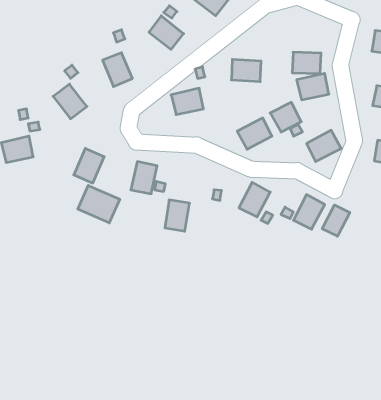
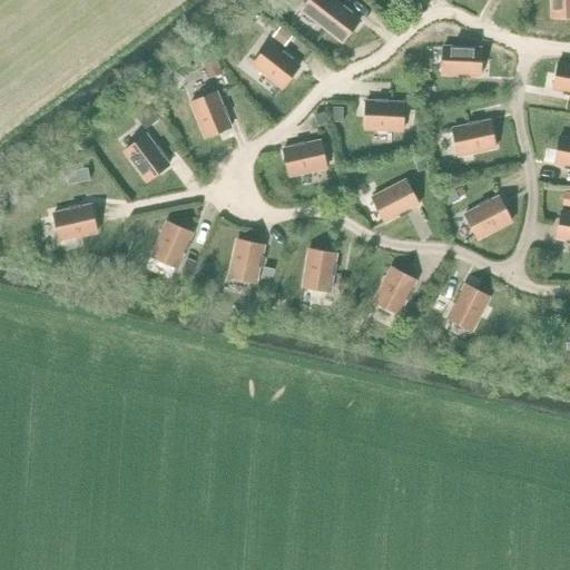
building: [292,52,321,74] -> [442,46,481,75]
building: [270,102,301,132] -> none
building: [78,185,120,223] -> none
building: [165,200,190,231] -> [303,248,336,291]
building: [322,205,350,236] -> none

